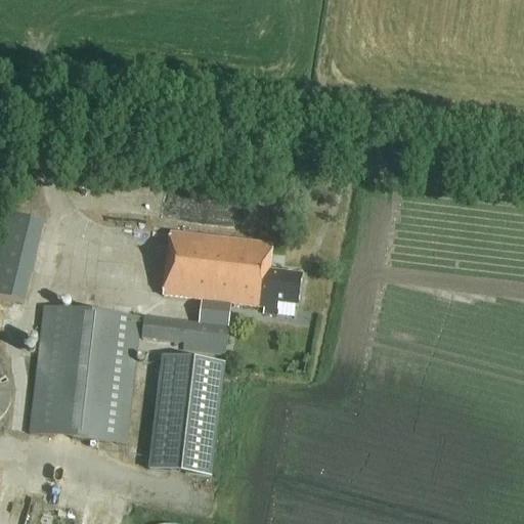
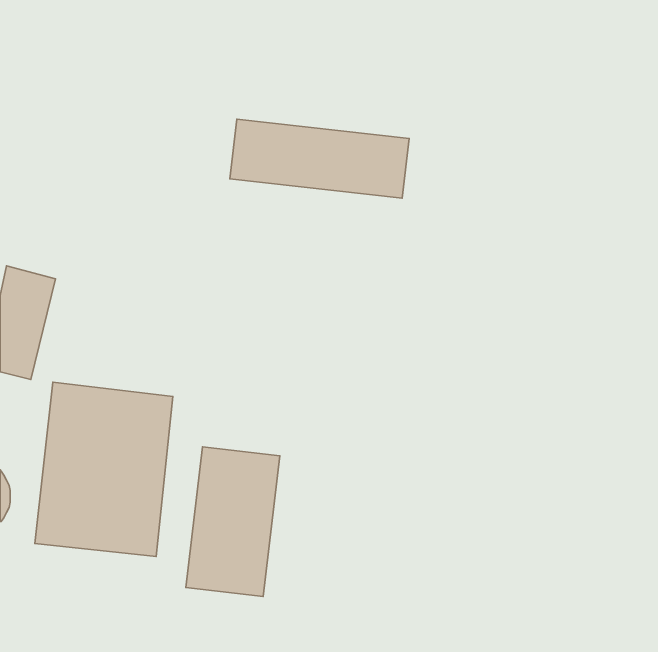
building: none -> [230,119,409,198]
building: [142,229,303,353] -> none

